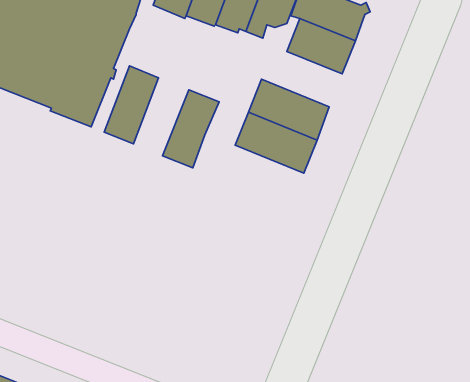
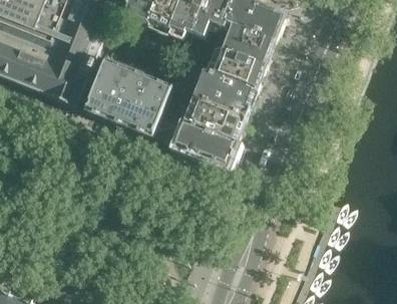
building: none -> [205,48,266,90]
building: none -> [107,68,149,127]
building: none -> [152,111,237,166]

